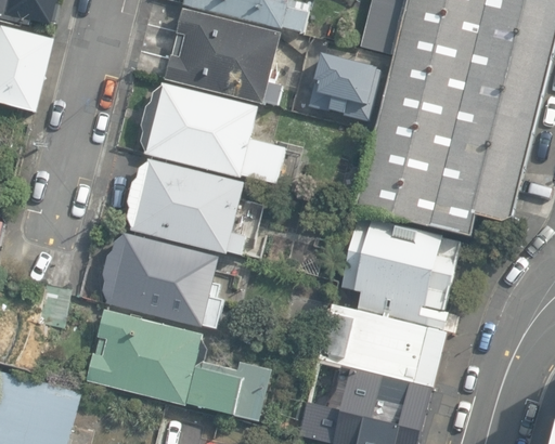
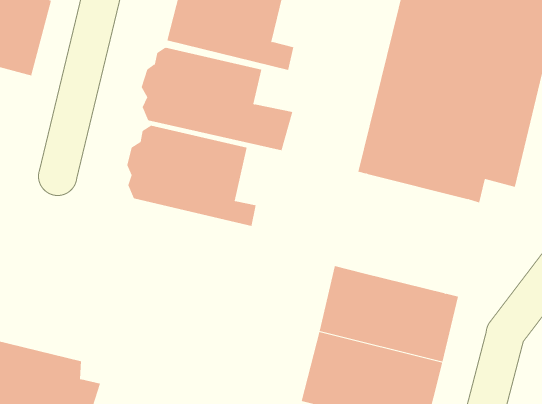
building: [308,54,377,119] -> none
building: [341,208,461,324] -> none
building: [100,231,227,328] -> none
building: [88,306,273,420] -> none

